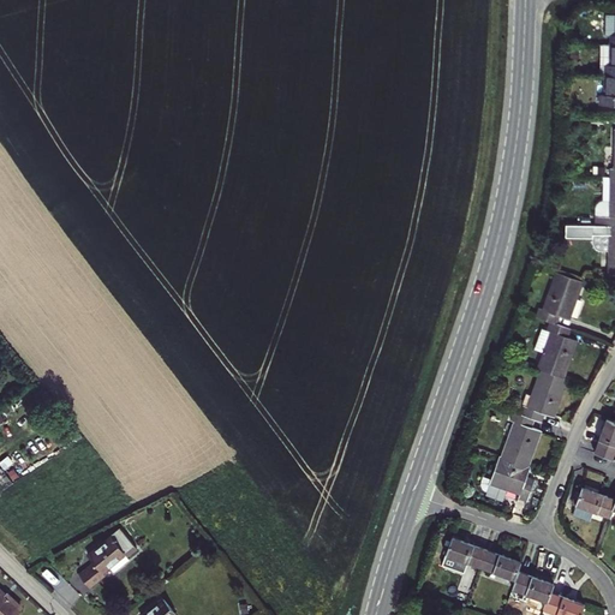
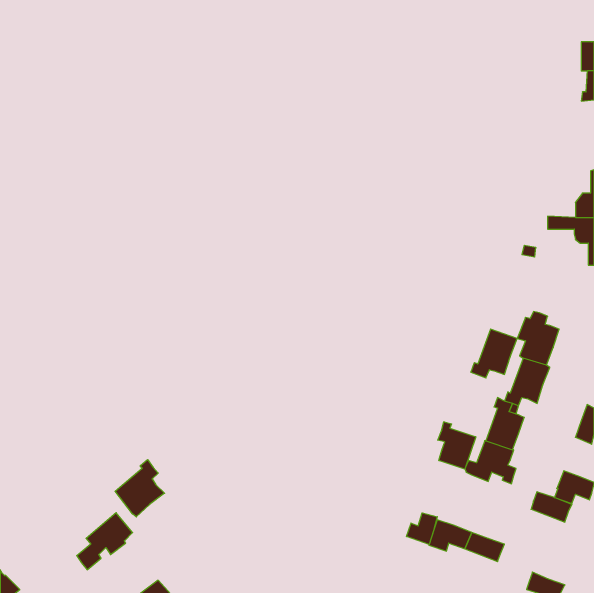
building: [536,273,584,323] -> [471,329,517,378]
building: none -> [438,422,476,469]
building: none -> [115,460,165,517]
building: none -> [407,513,437,544]
building: [512,572,554,603] -> [531,492,572,522]

